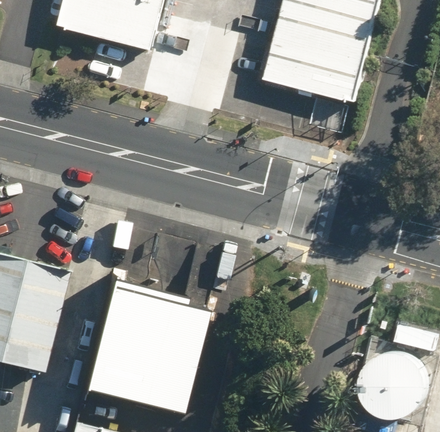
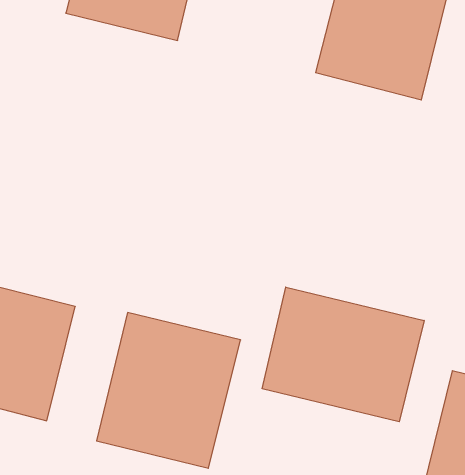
building: none -> [262,287,424,422]

